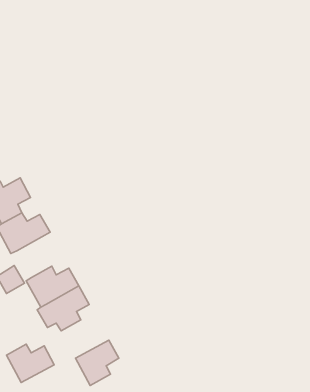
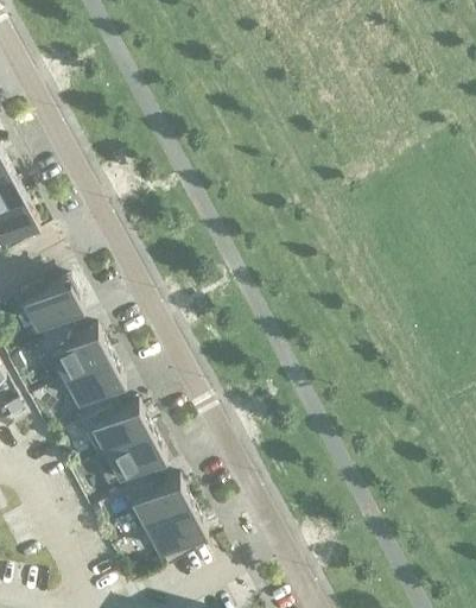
building: none -> [63,355,123,418]
building: [7,344,54,383] -> [125,477,191,531]

